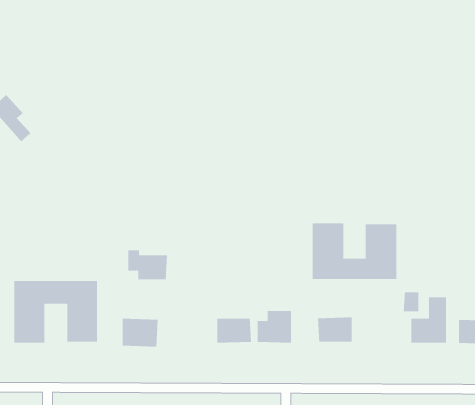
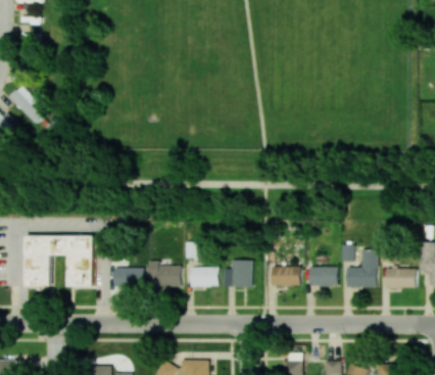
building: [312,222,397,280] -> none
building: [127,250,168,280] -> [148,262,181,286]
building: none -> [309,267,339,286]

